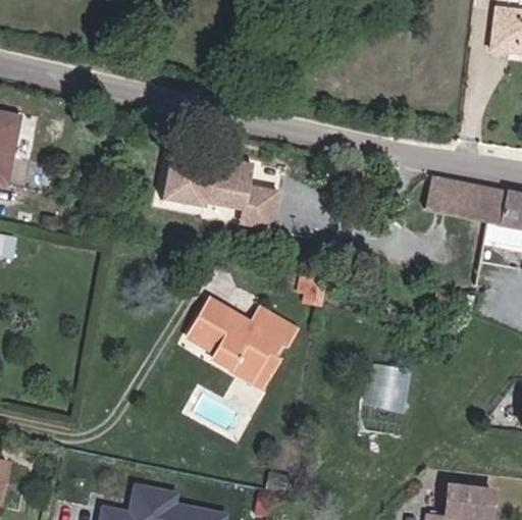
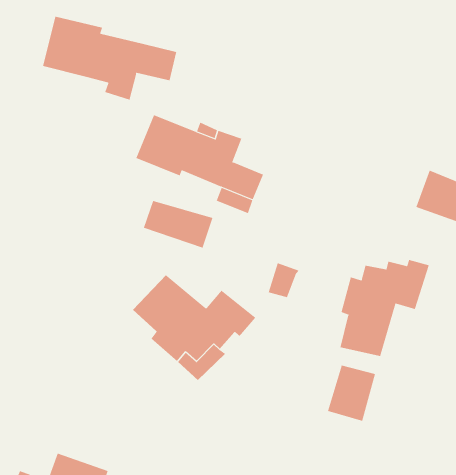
building: none -> [42,16,177,100]
building: none -> [143,200,213,248]
building: none -> [340,259,429,357]

